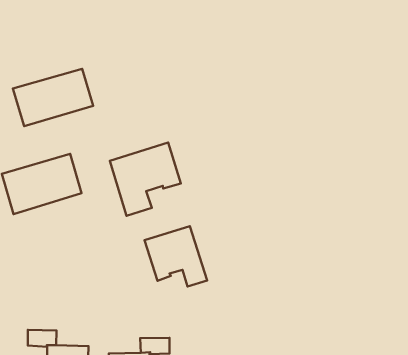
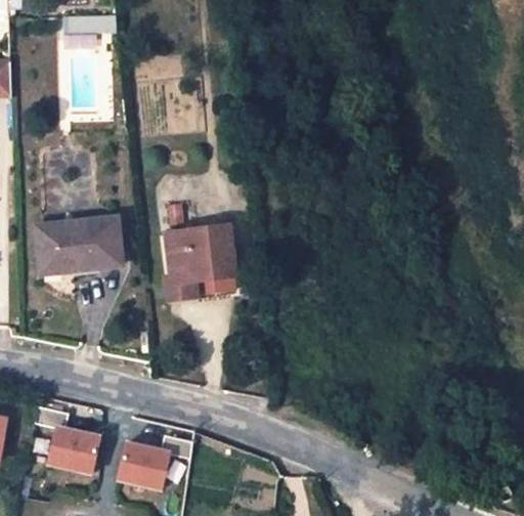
building: [13,69,93,126] -> none
building: [144,226,207,286] -> none

